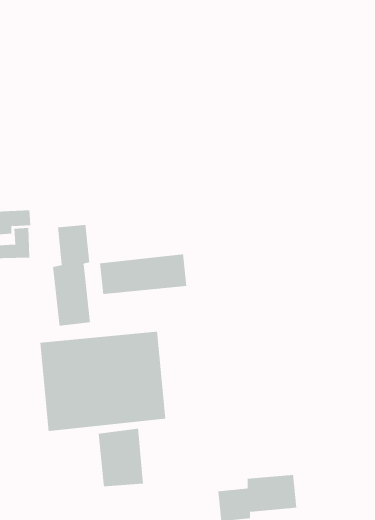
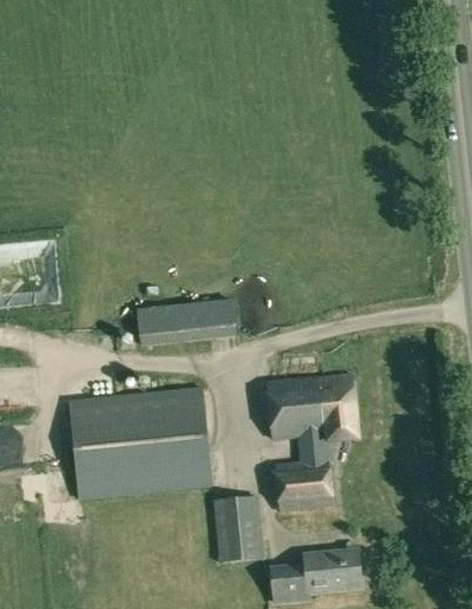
building: [53,224,90,326] -> none
building: none -> [266,372,361,513]
building: [98,428,144,487] -> [213,496,265,563]

